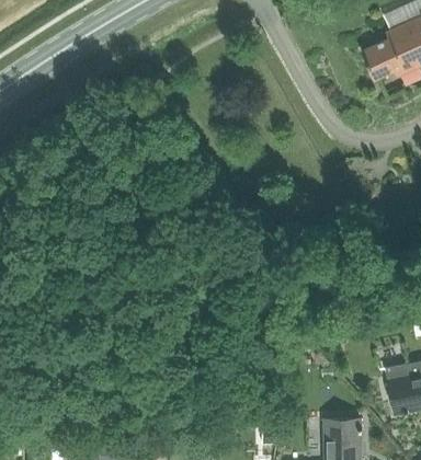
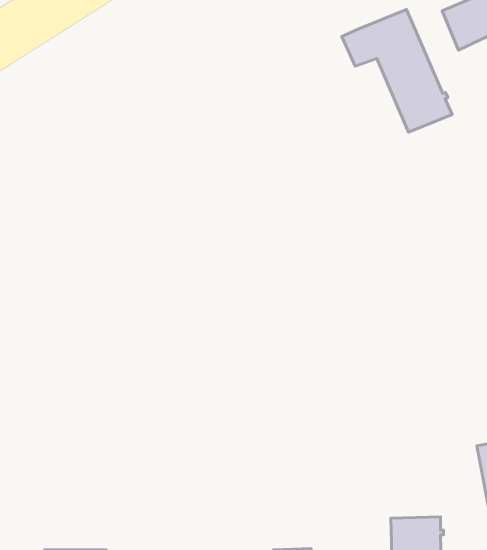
building: none -> [342,9,452,132]

